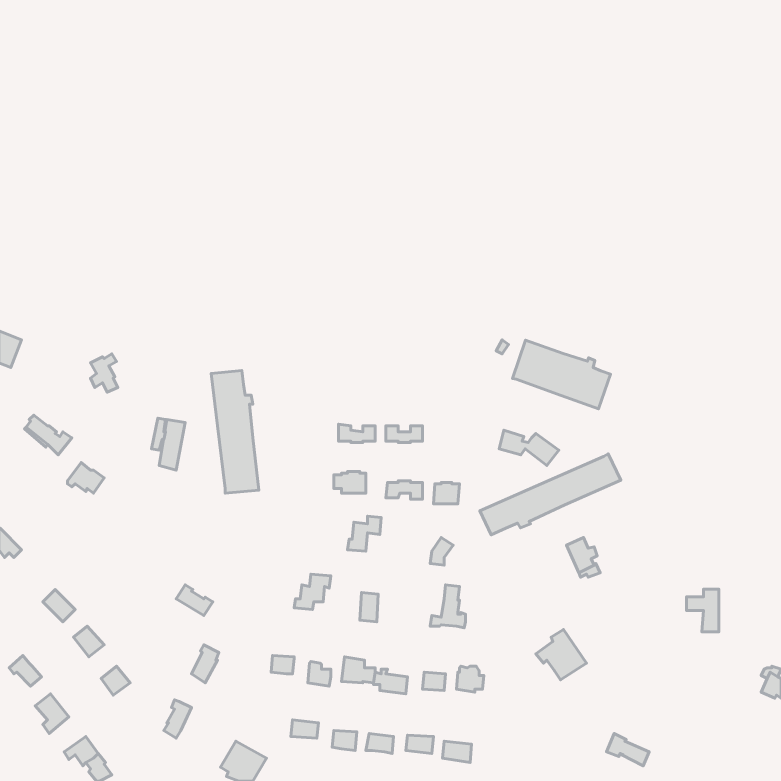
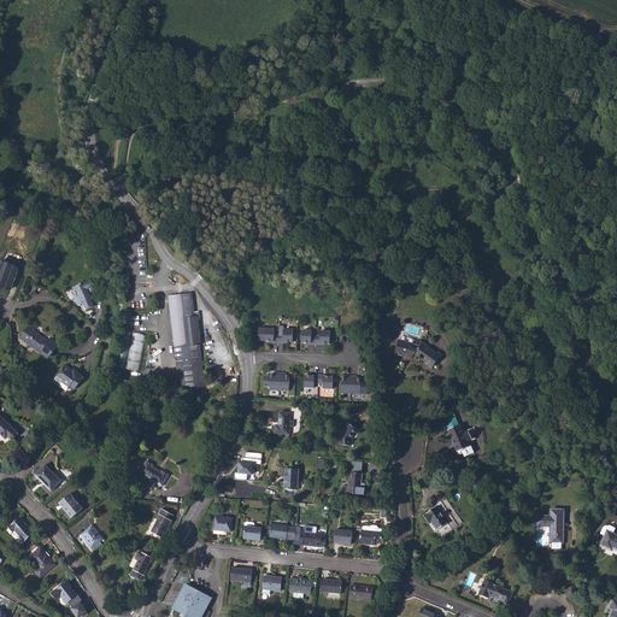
building: [513,340,611,409] -> none
building: [480,454,621,535] -> none
building: [687,589,719,632] -> [536,509,562,542]

